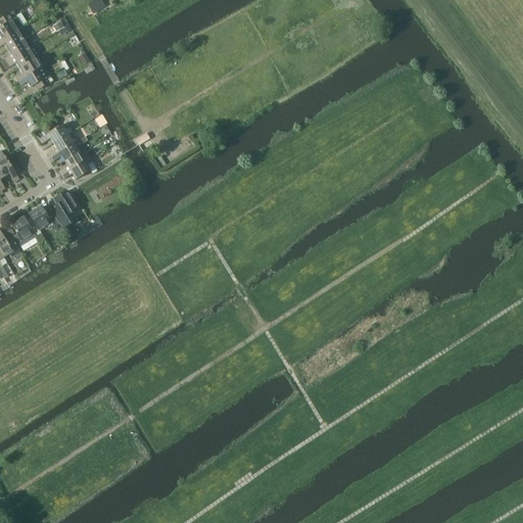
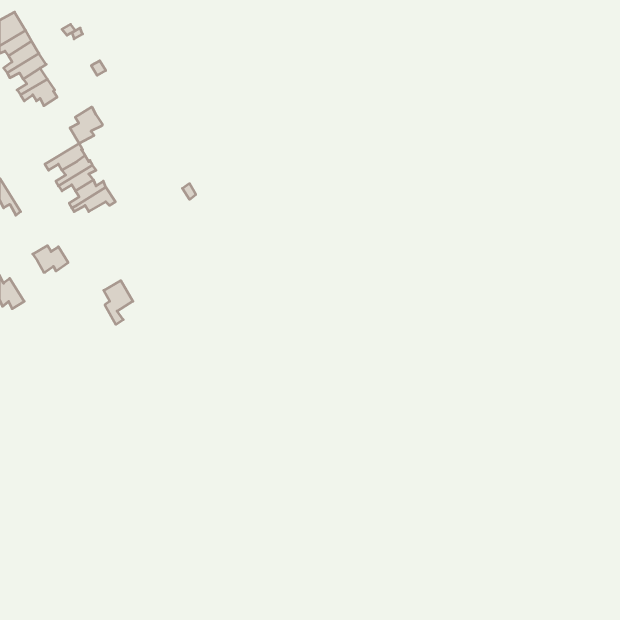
building: none -> [70,107,102,143]
building: [52,190,77,227] -> [104,281,133,324]
building: [10,217,40,246] -> none

